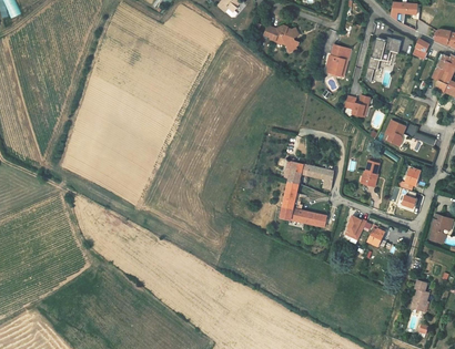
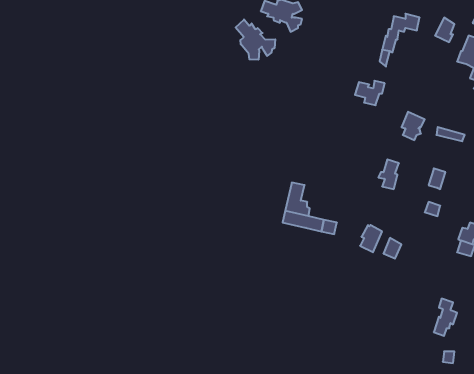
building: none -> [236,19,275,60]
building: [324,42,347,73] -> none
building: [287,160,335,183] -> none

